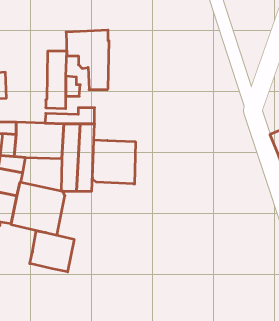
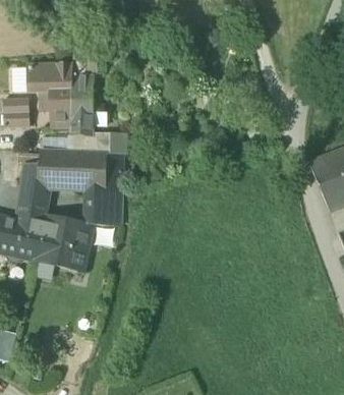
building: [66,30,109,90] -> [27,63,73,126]
building: [92,140,135,184] -> none
building: [30,231,74,272] -> none

